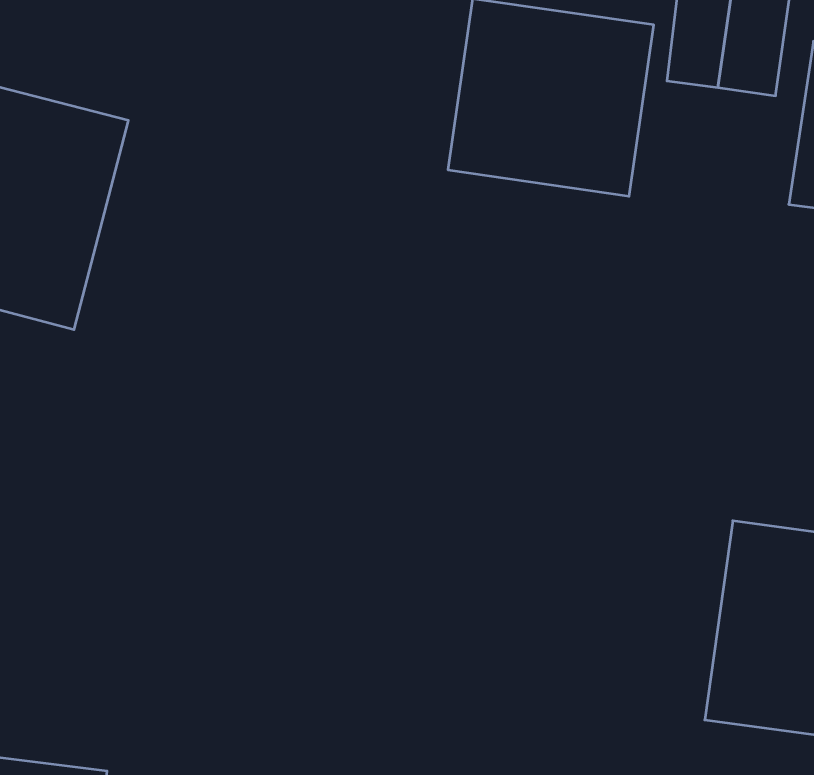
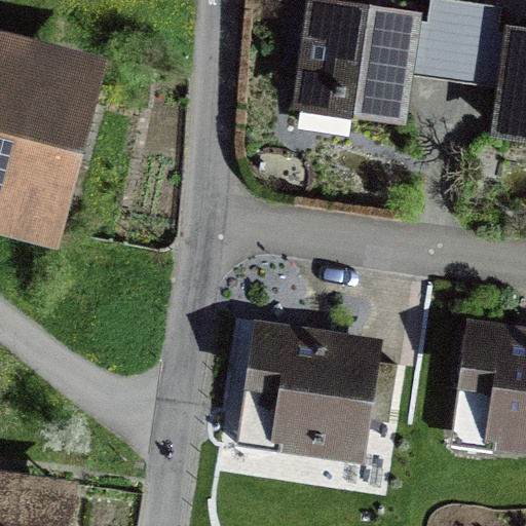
building: none -> [237,318,378,462]

